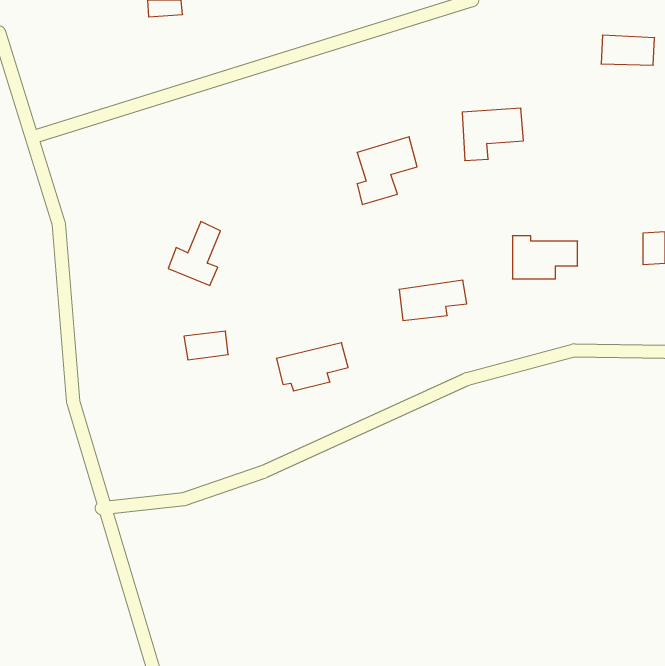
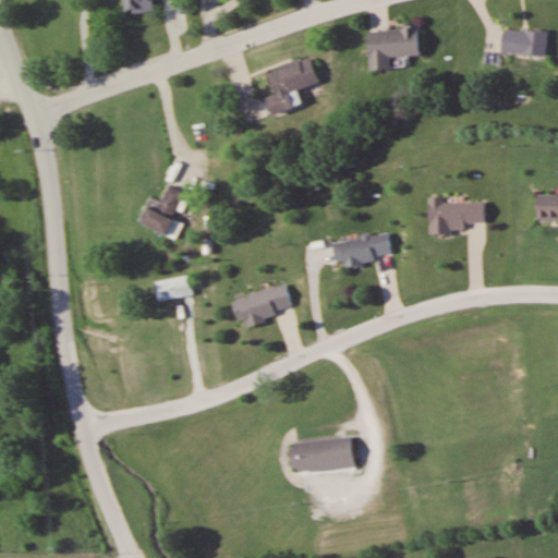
building: [462,108,523,160] -> [368,27,420,71]
building: [357,137,417,205] -> [267,58,317,114]
building: none -> [290,438,353,472]

